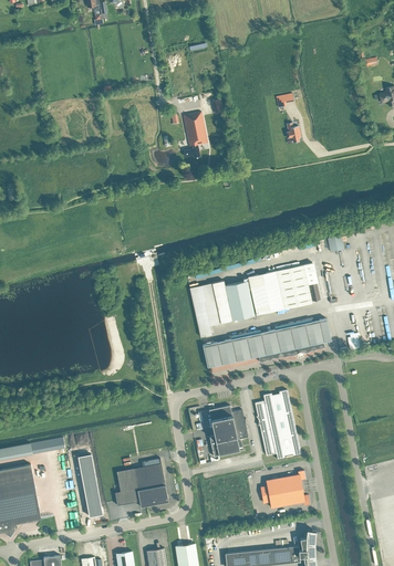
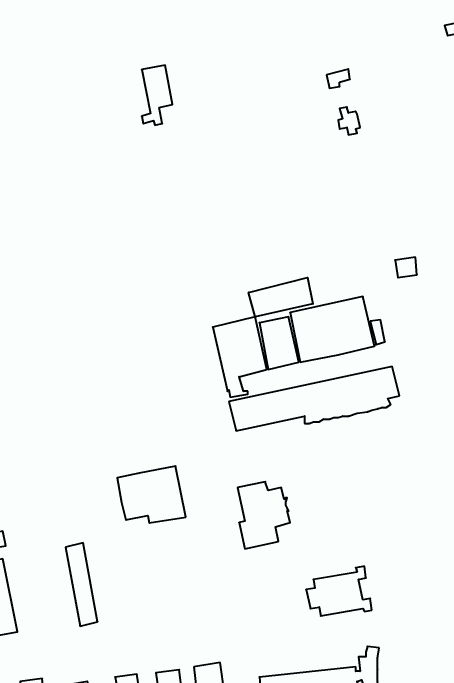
building: [183,113,206,158] -> [142,65,172,125]
building: none -> [249,278,313,317]
building: [253,390,300,460] -> none
building: [115,463,167,506] -> [117,466,186,523]

